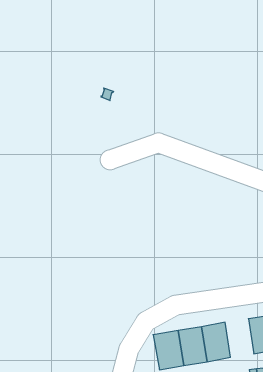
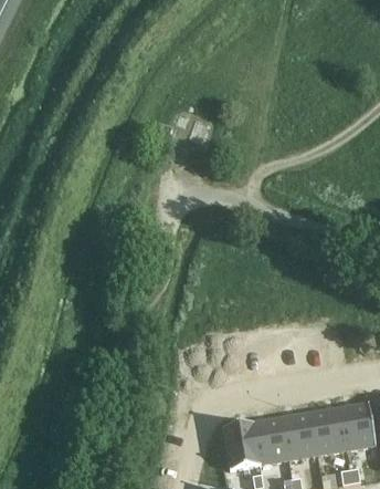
building: none -> [313,406,348,454]

